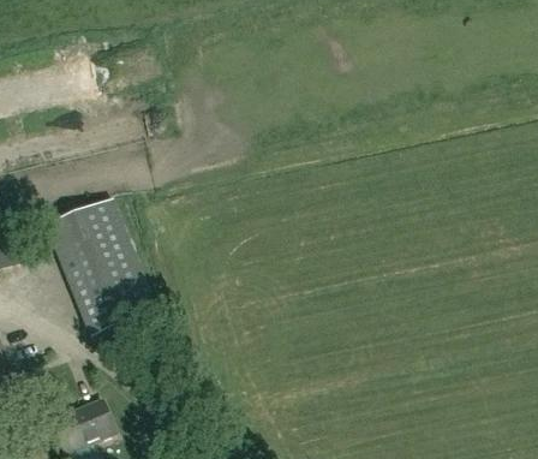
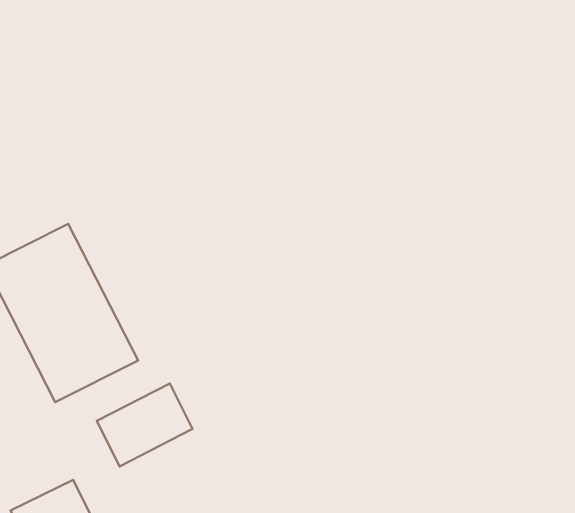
building: none -> [97,383,192,466]

